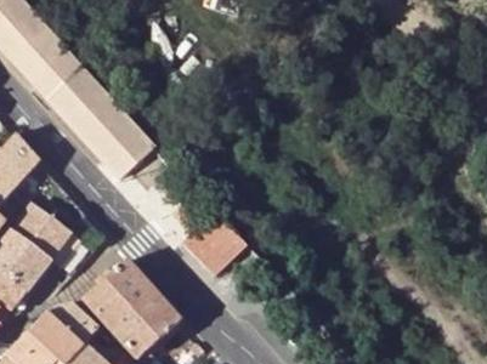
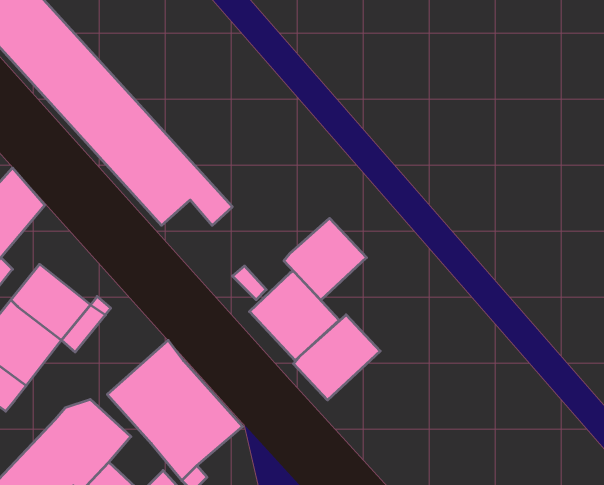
building: none -> [284,218,367,300]
building: none -> [293,315,380,400]

